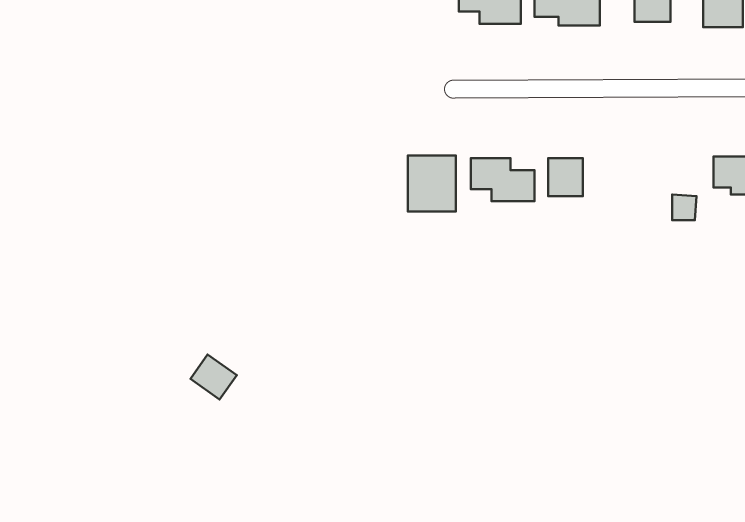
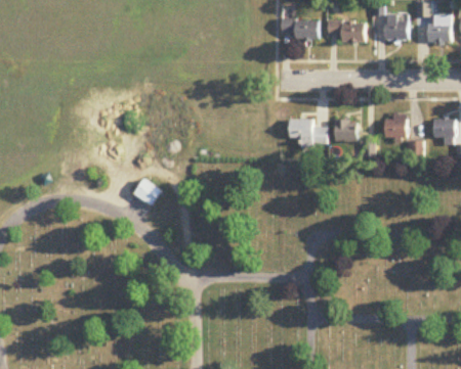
building: none -> [384,113,406,137]
building: [408,156,456,211] -> none
building: [190,355,237,399] -> [132,179,160,205]

